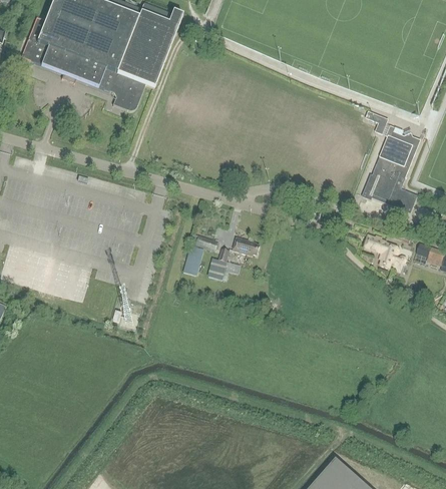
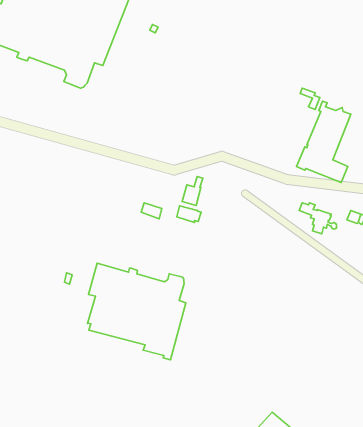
building: [182,246,203,275] -> none
building: [206,249,229,280] -> [182,176,203,205]
building: none -> [88,263,186,360]

